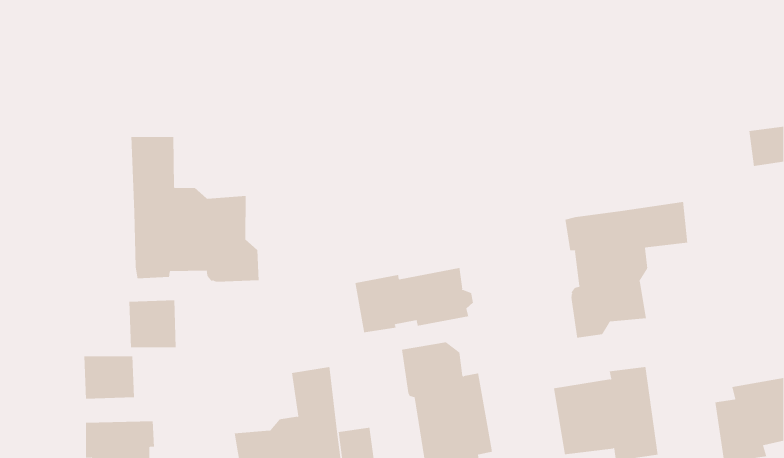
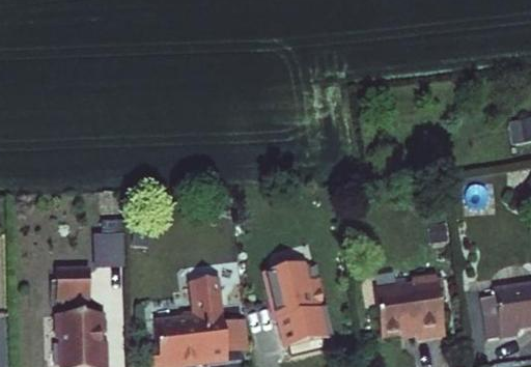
building: [131,136,259,282] -> none
building: [565,201,688,339] -> none
building: [355,267,474,333] -> none

